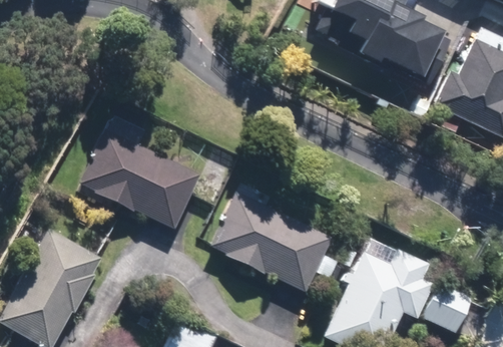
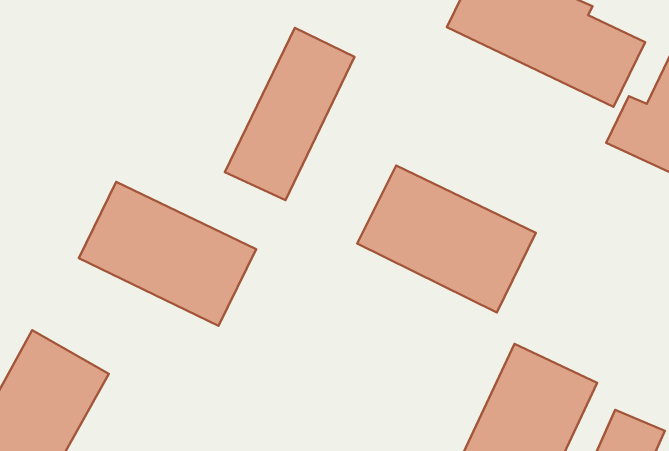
building: none -> [225,28,354,200]
building: [210,194,330,292] -> [357,165,536,312]

